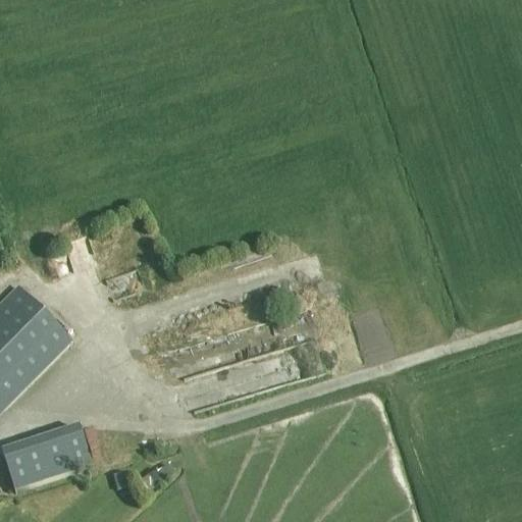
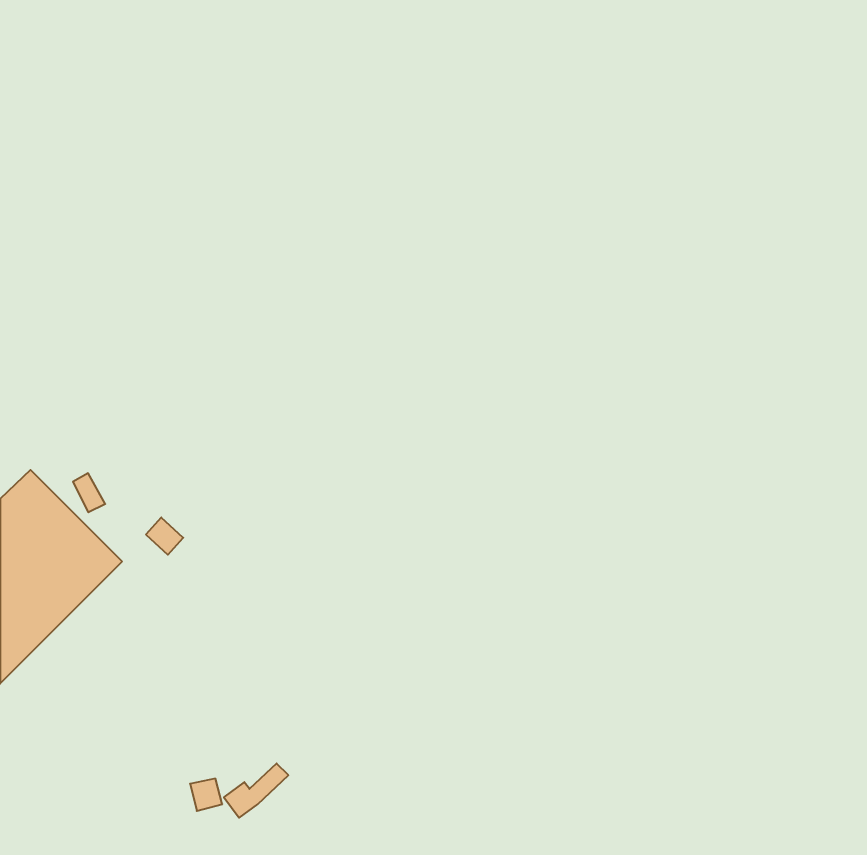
building: [4,424,93,489] -> none

